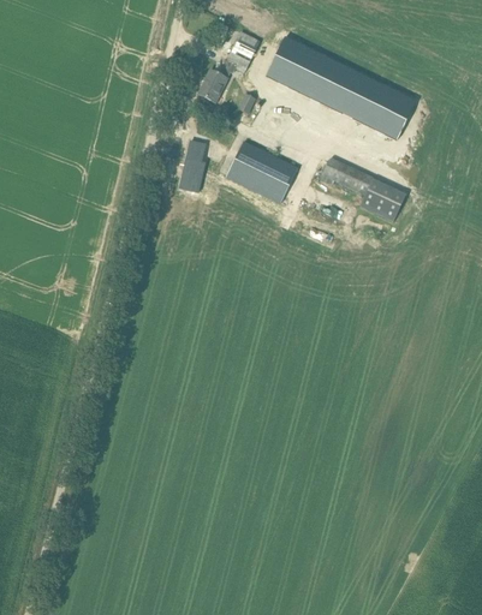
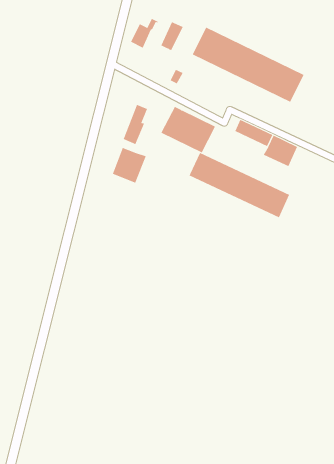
building: [198,62,236,102] -> [130,18,159,48]
building: none -> [112,147,146,184]
building: none -> [189,152,290,218]

